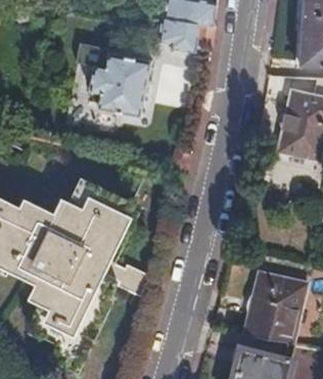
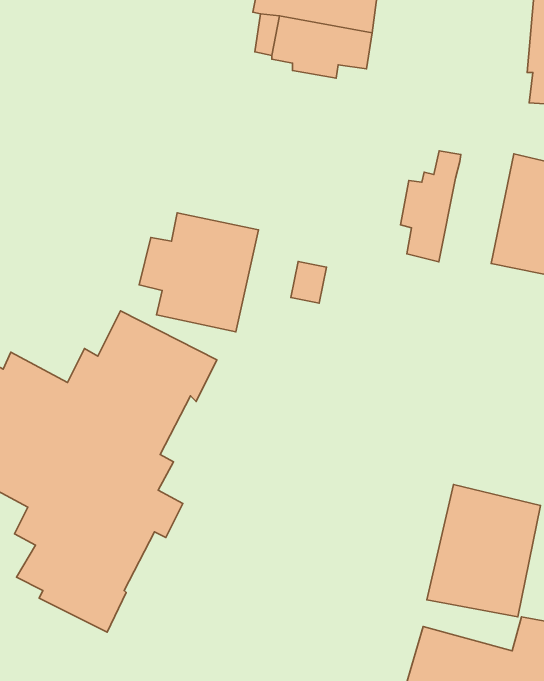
building: [88,52,152,117] -> [139,213,258,332]
building: none -> [400,151,461,262]

